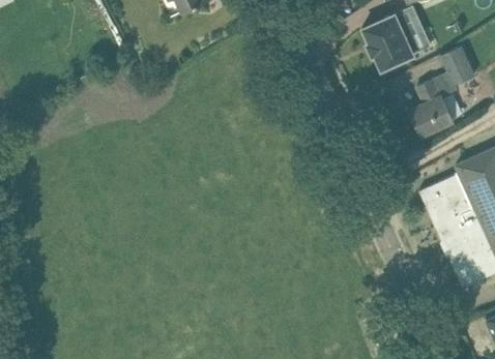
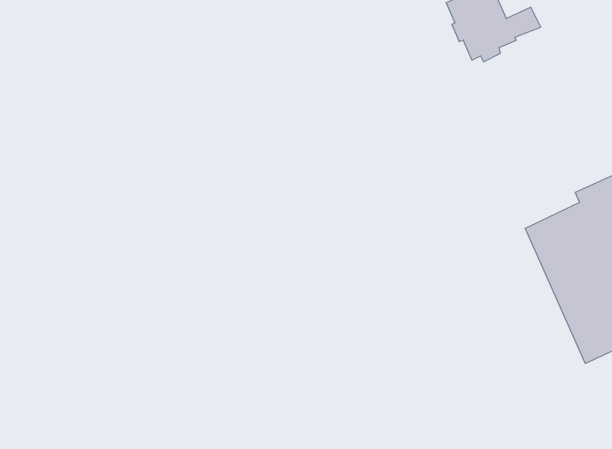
building: [410,46,474,134] -> none

